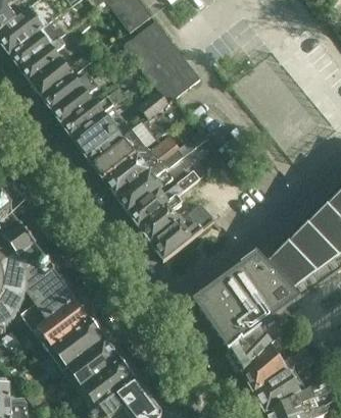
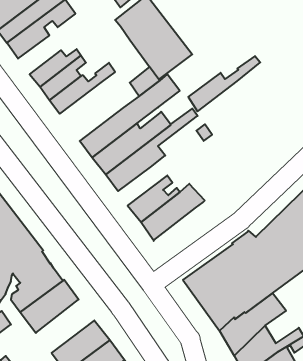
building: [31,52,92,97] -> none
building: [71,104,134,162] -> none
building: [129,171,199,225] -> [188,56,260,111]
building: [48,317,105,369] -> none

